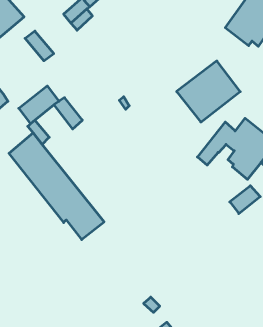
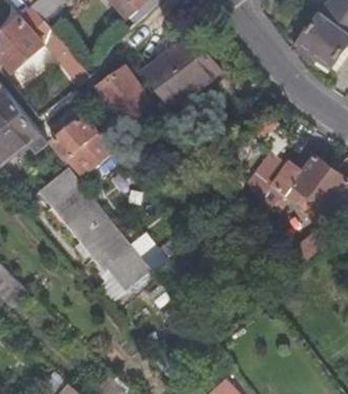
building: none -> [97,69,149,123]
building: [177,61,240,122] -> [146,36,219,106]

